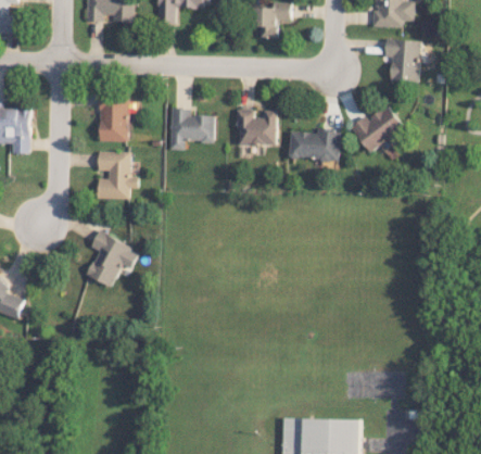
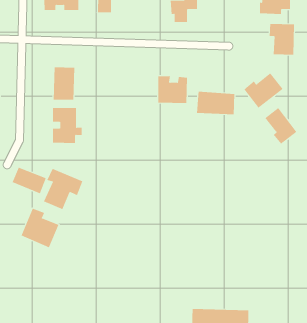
building: [170,108,215,150] -> none
building: none -> [265,107,297,145]
building: none -> [12,167,47,194]
building: none -> [21,208,59,248]

